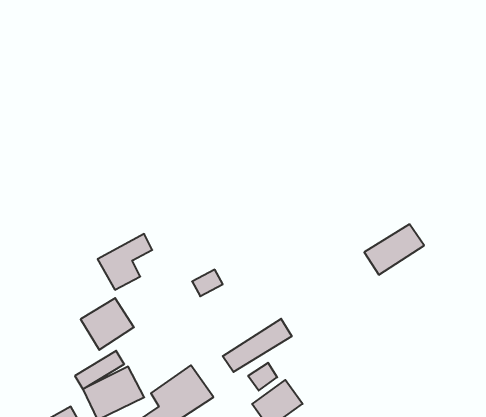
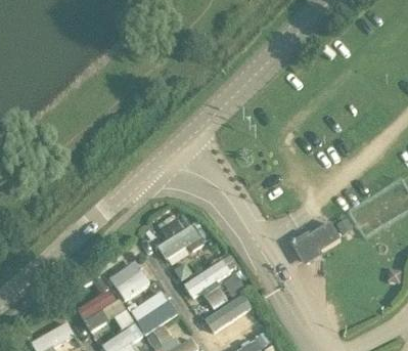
building: [364,224,424,275] -> [298,224,344,263]
building: [98,234,152,290] -> [157,225,199,268]
building: [81,298,134,350] -> [108,261,149,301]

